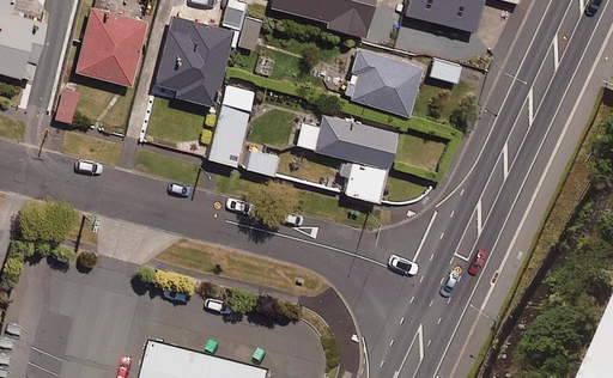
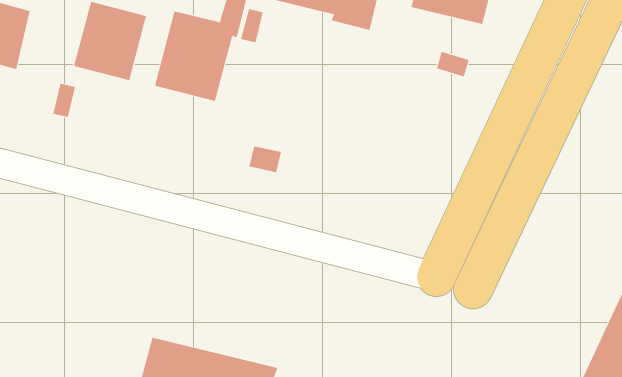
building: [344,50,423,117] -> none
building: [210,86,254,167] -> none
building: [297,116,396,203] -> none

